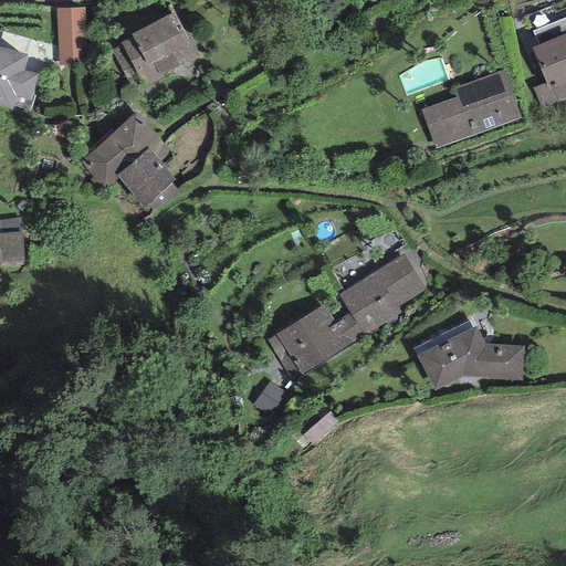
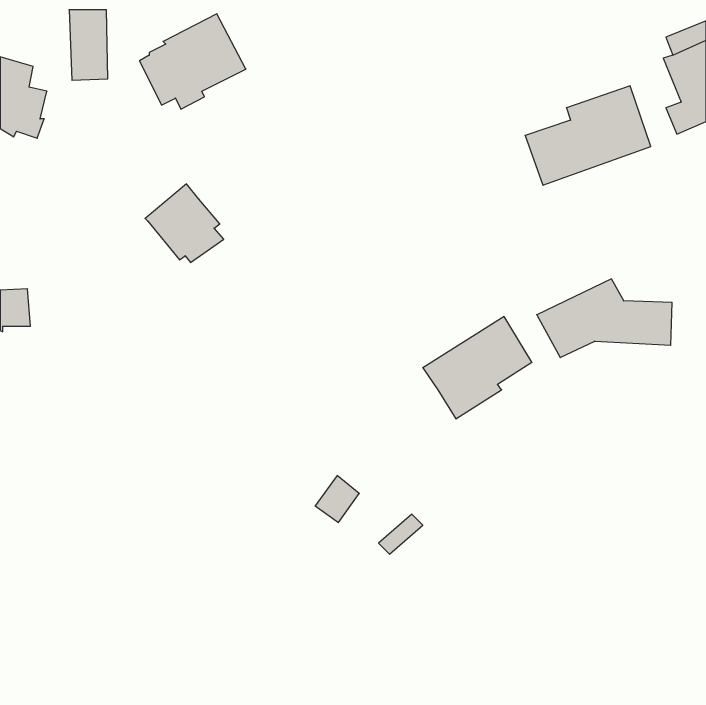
building: [81,112,170,190] -> none
building: [266,303,365,381] -> none
building: [416,326,524,389] -> [537,279,672,358]

